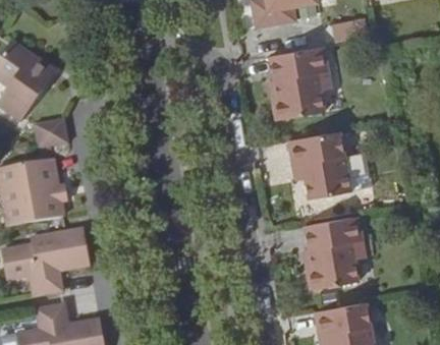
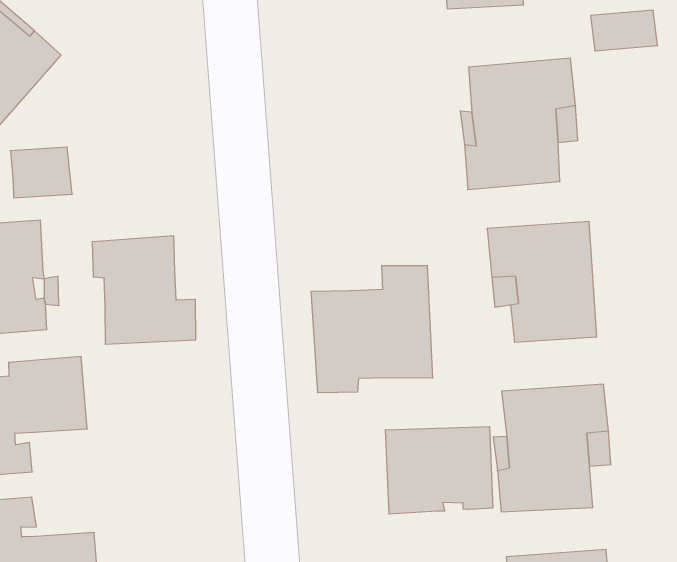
building: none -> [92,236,196,344]
building: none -> [311,265,432,393]
building: none -> [385,427,493,514]

